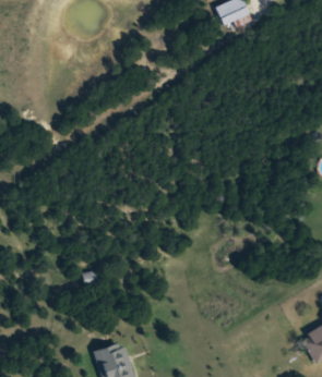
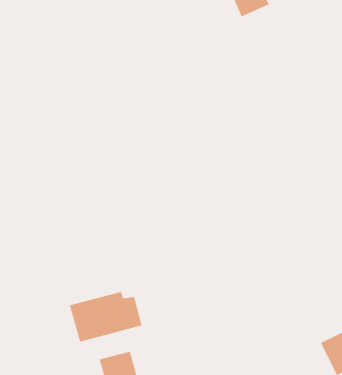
building: none -> [69,291,142,343]

